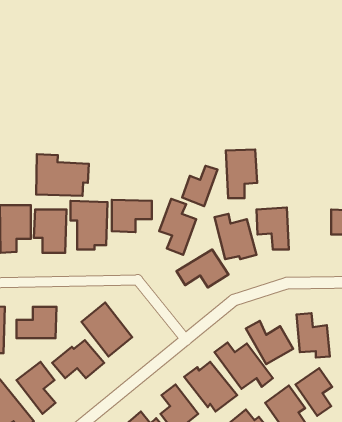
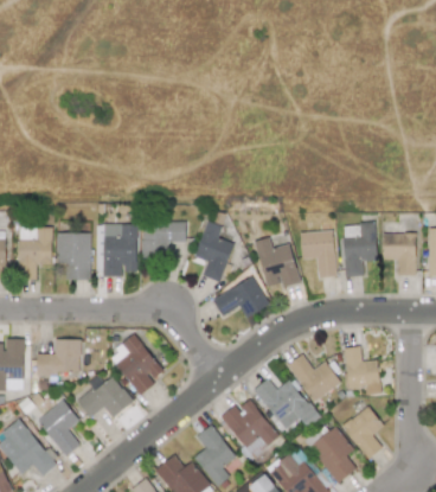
building: [226,149,257,198] -> [344,223,378,276]
building: [36,154,89,196] -> none
building: [182,166,218,206] -> none

